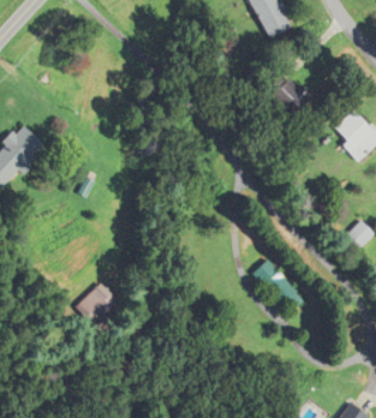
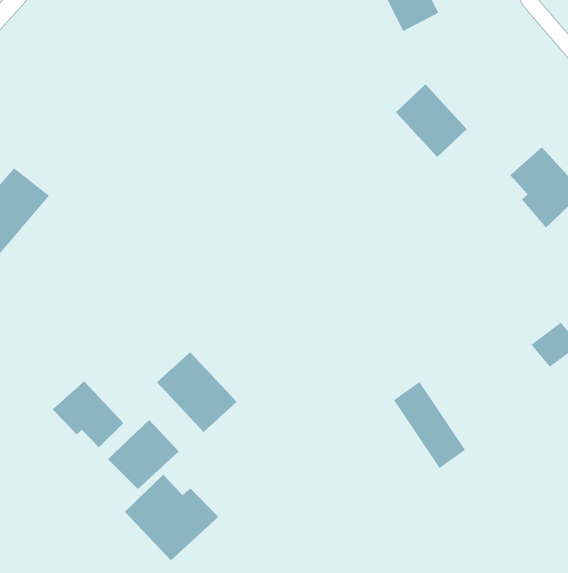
building: none -> [156,351,238,433]
building: none -> [52,380,124,448]
building: none -> [124,474,219,561]

